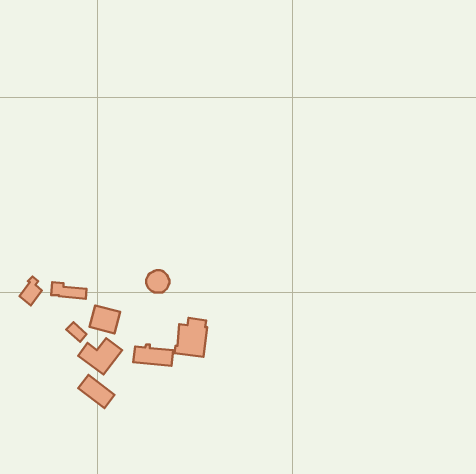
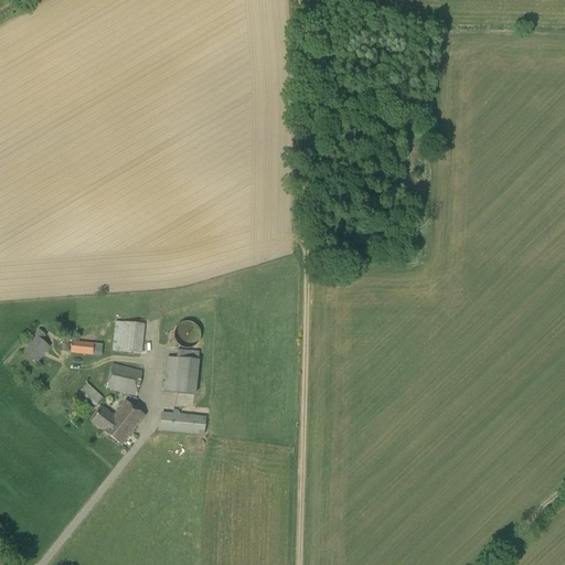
building: none -> [113,320,145,352]
building: [175,318,207,357] -> [161,348,200,394]
building: [78,375,115,408] -> none

